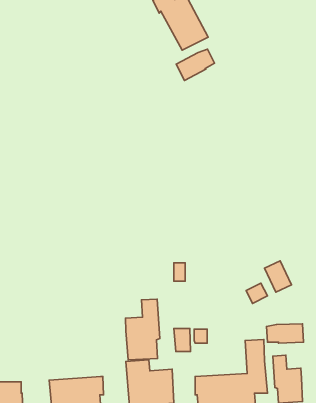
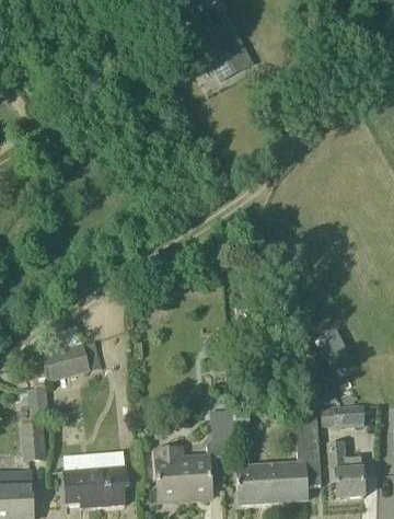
building: [176,49,214,80] -> none
building: none -> [40,342,92,380]
building: [125,299,160,360] -> none
building: none -> [22,388,50,461]

